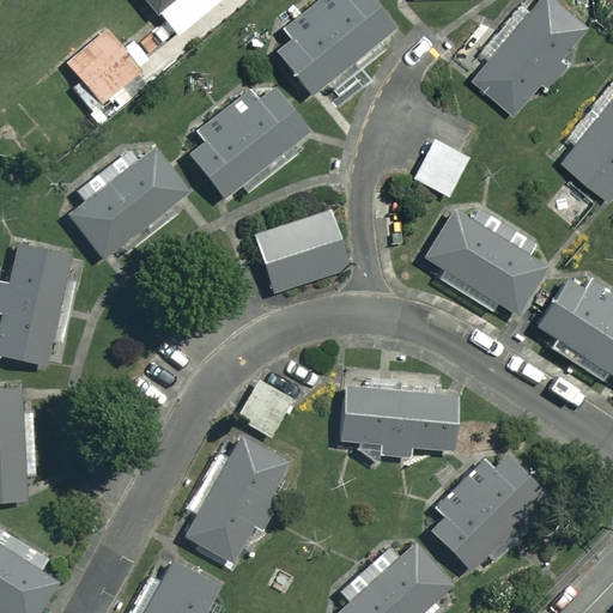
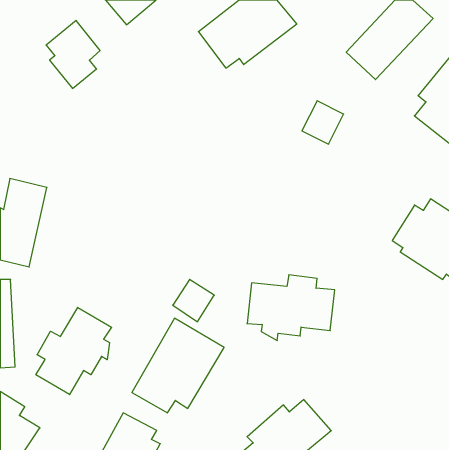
building: [189,87,306,198] -> none
building: [68,145,192,260] -> none
building: [254,210,347,291] -> none
building: [423,210,550,317] -> none
building: none -> [36,307,112,395]
building: [421,444,544,569] -> none

